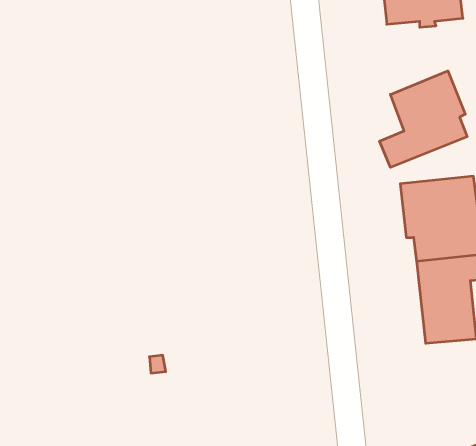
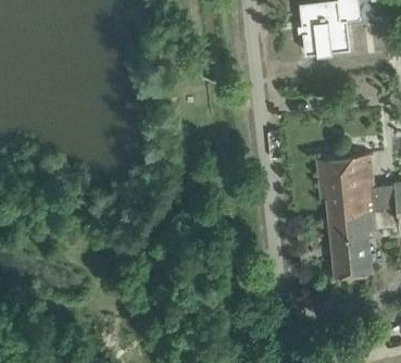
building: [380,71,467,167] -> none

